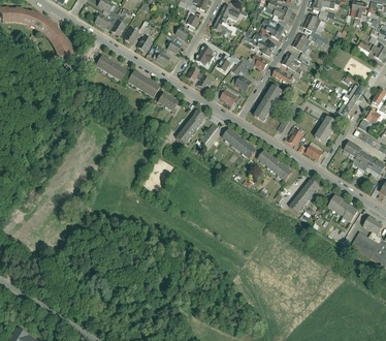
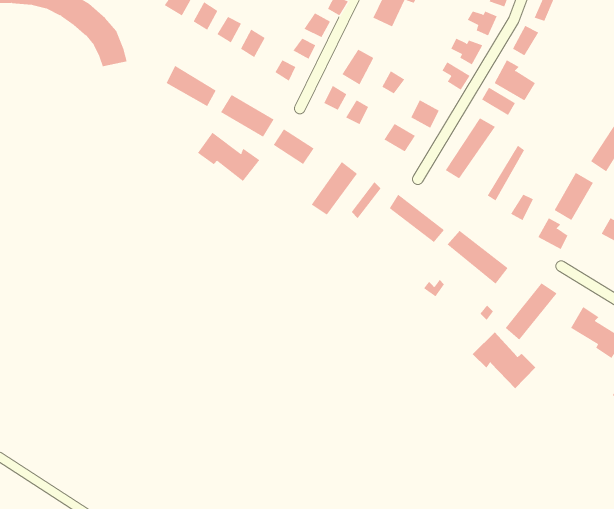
building: none -> [197,132,260,182]
building: none -> [472,331,536,389]

